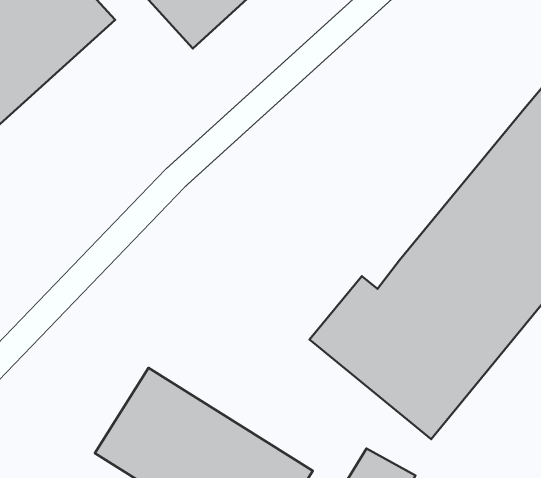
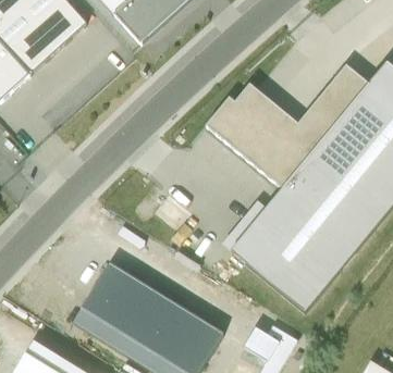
building: none -> [206,65,370,189]

